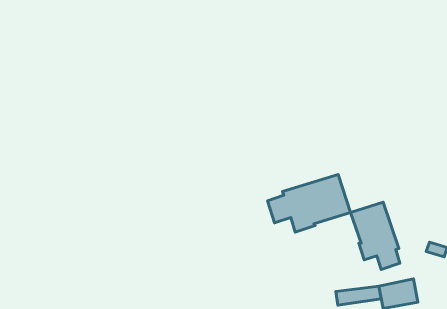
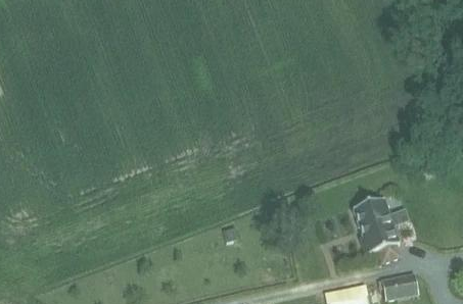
building: [268,175,351,232] -> none

